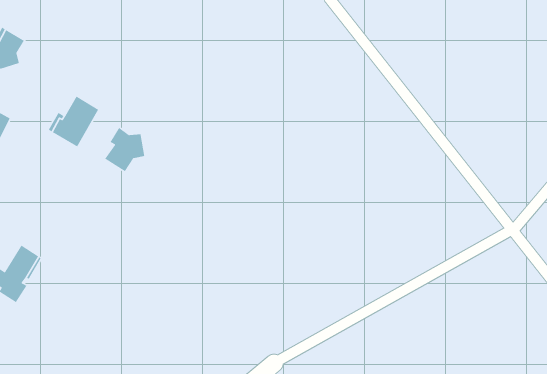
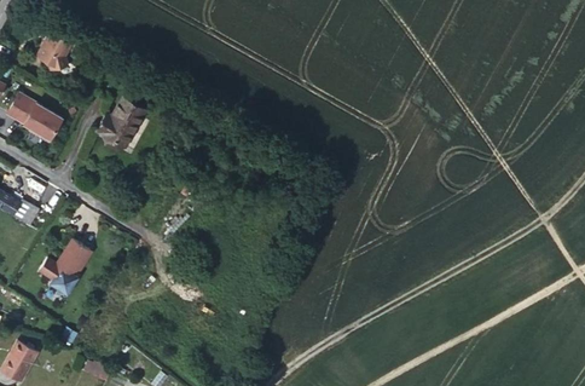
building: [104,127,145,172] -> none

